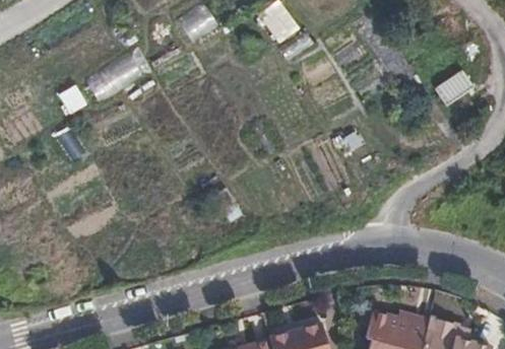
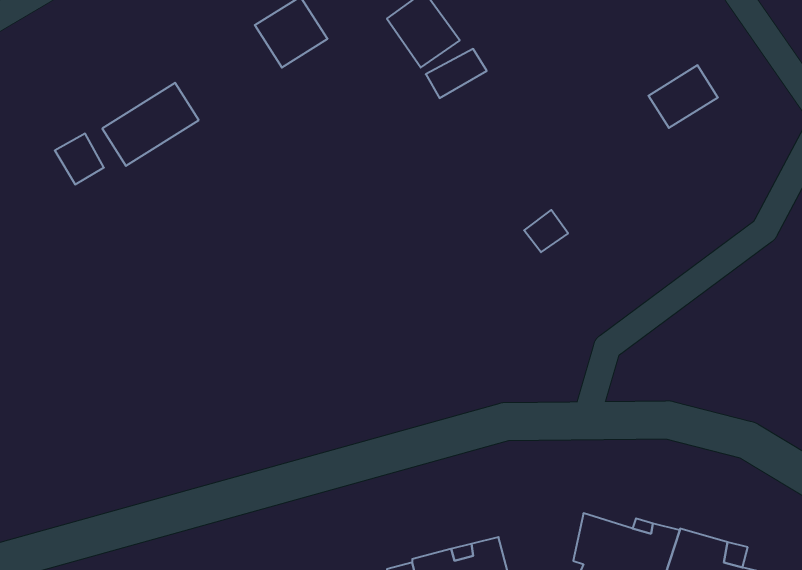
building: [432,68,474,106] -> [648,65,718,128]

